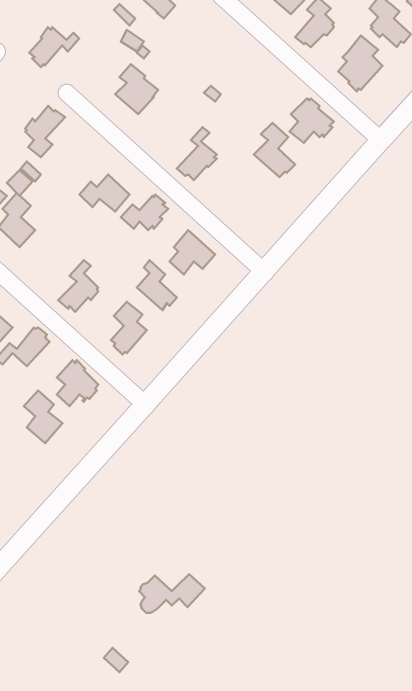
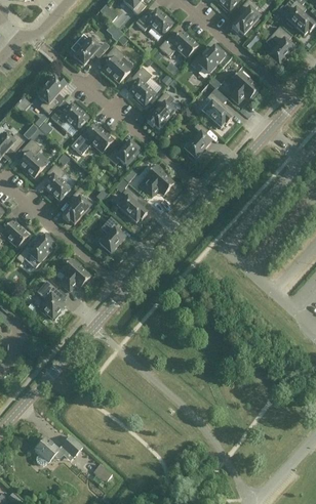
building: none -> [134,8,171,35]
building: [29,27,79,67] -> [72,37,108,66]
building: none -> [158,31,197,57]
building: none -> [190,45,224,74]
building: none -> [127,67,161,106]
building: none -> [50,102,87,129]
building: none -> [184,121,210,159]
building: none -> [42,163,70,200]
building: [139,574,205,613] -> [34,436,81,464]

